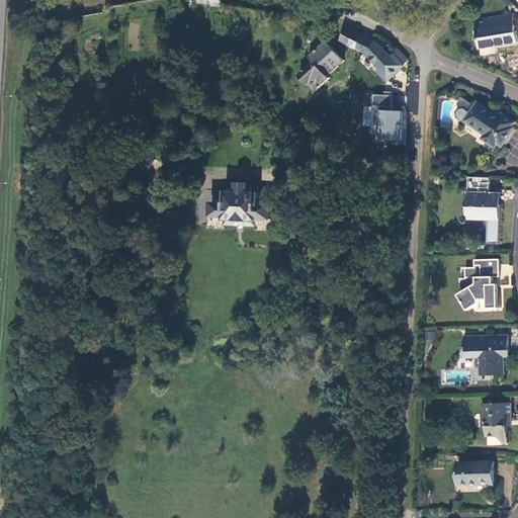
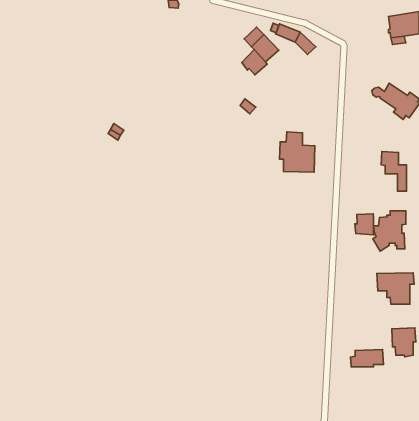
building: [376,50,406,81] -> none
building: [359,94,403,144] -> [279,132,315,172]
building: [207,182,269,221] -> none
building: none -> [355,214,374,235]
building: [450,462,491,484] -> [350,350,383,367]

